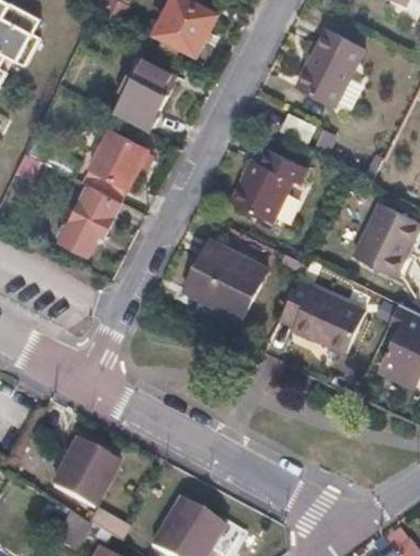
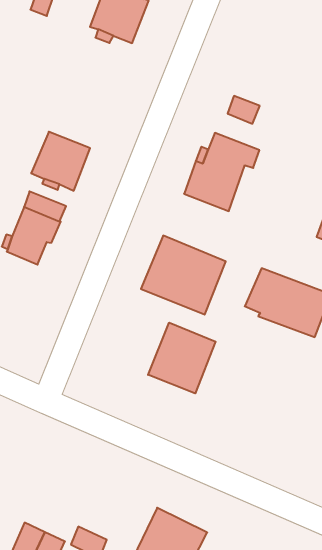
building: [295,29,364,106] -> none
building: [116,61,169,128] -> none
building: none -> [148,323,216,393]
building: [53,442,116,508] -> none

